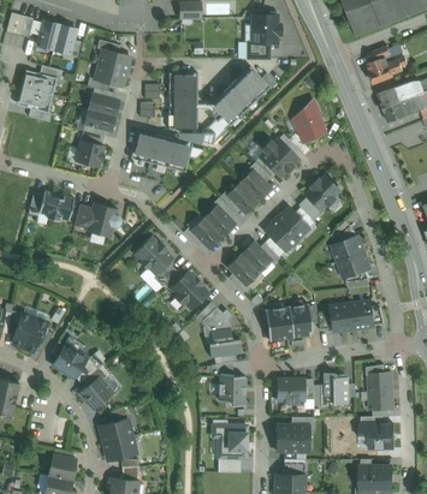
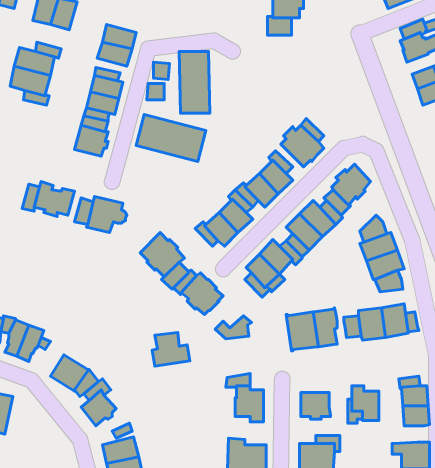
building: [213,70,268,124] -> none
building: [292,100,327,143] -> none
building: [208,328,242,358] -> [152,333,190,366]

